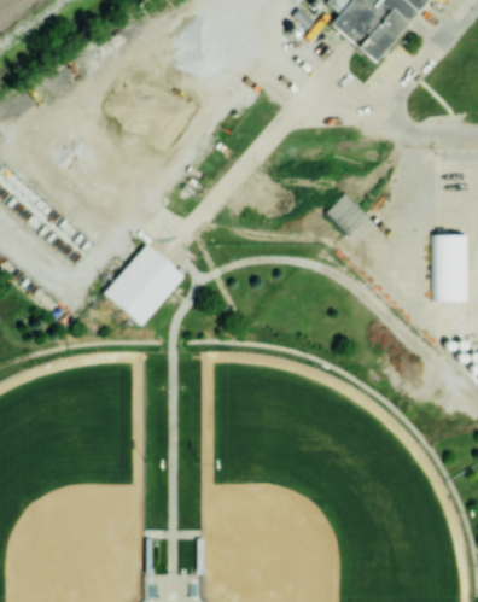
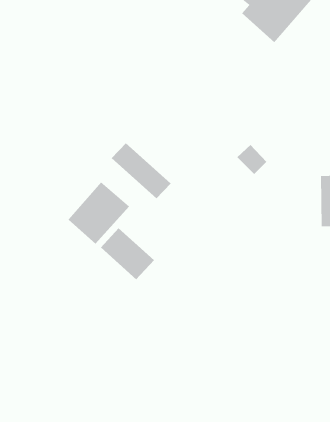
building: none -> [111,142,171,199]
building: none -> [100,227,155,280]

